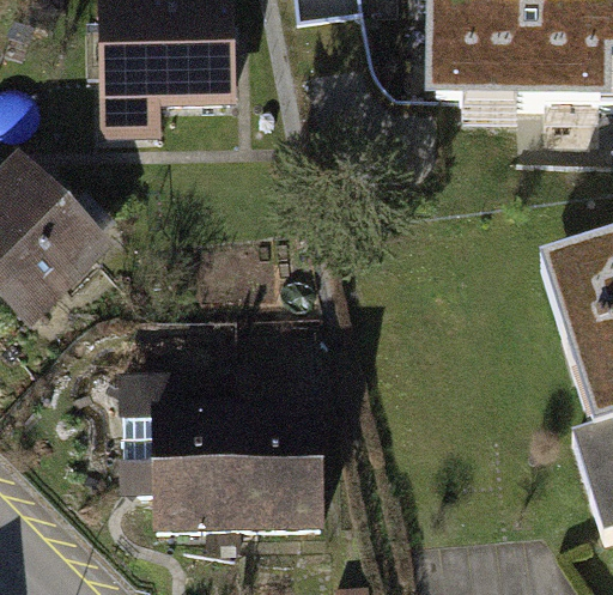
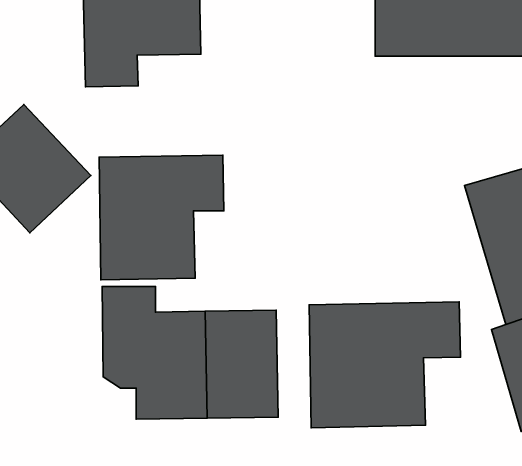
building: none -> [99,155,224,280]
building: none -> [309,302,461,428]

